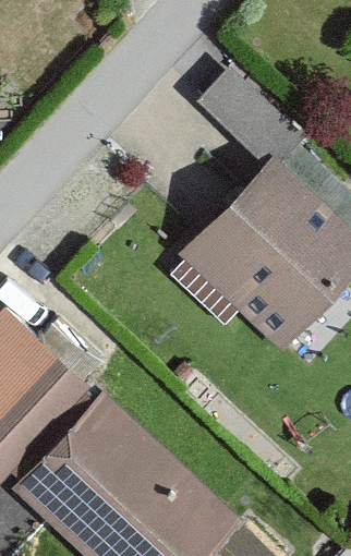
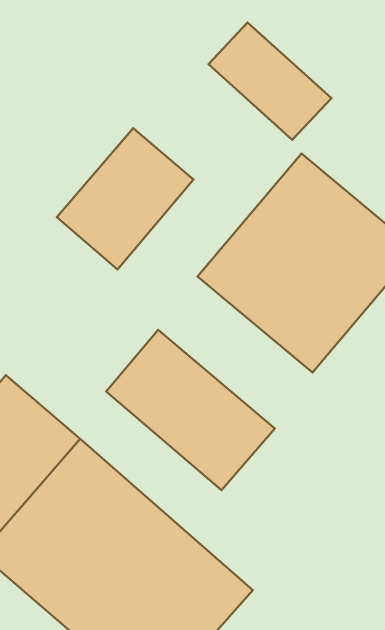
building: none -> [57,128,194,270]
building: none -> [106,330,275,490]

